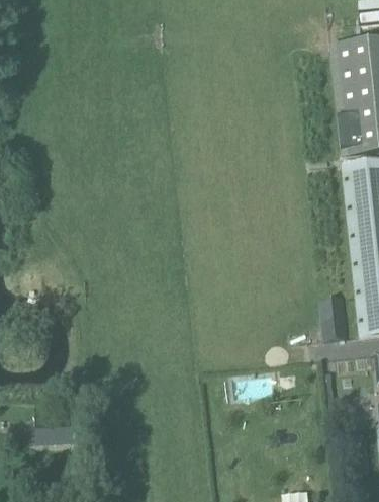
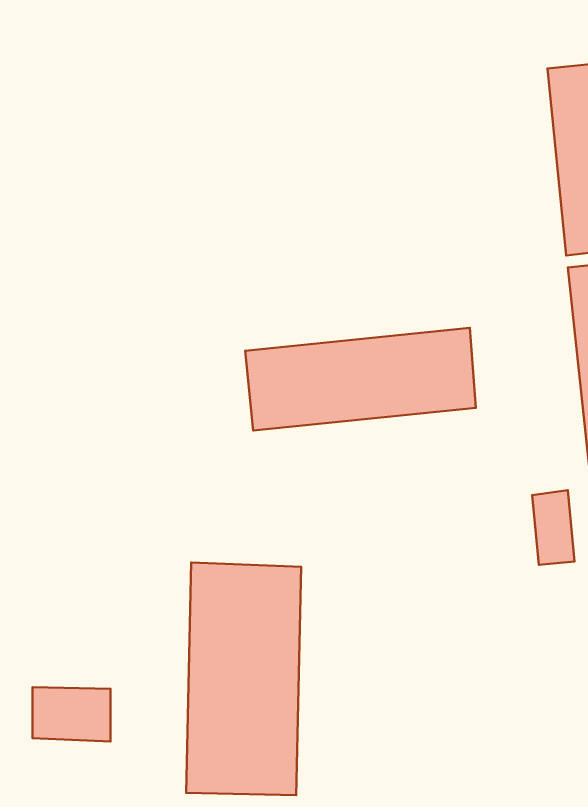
building: none -> [245,328,476,431]
building: none -> [186,562,301,795]

